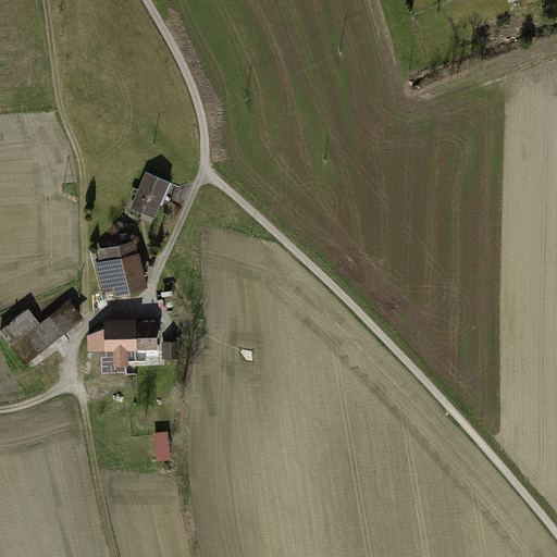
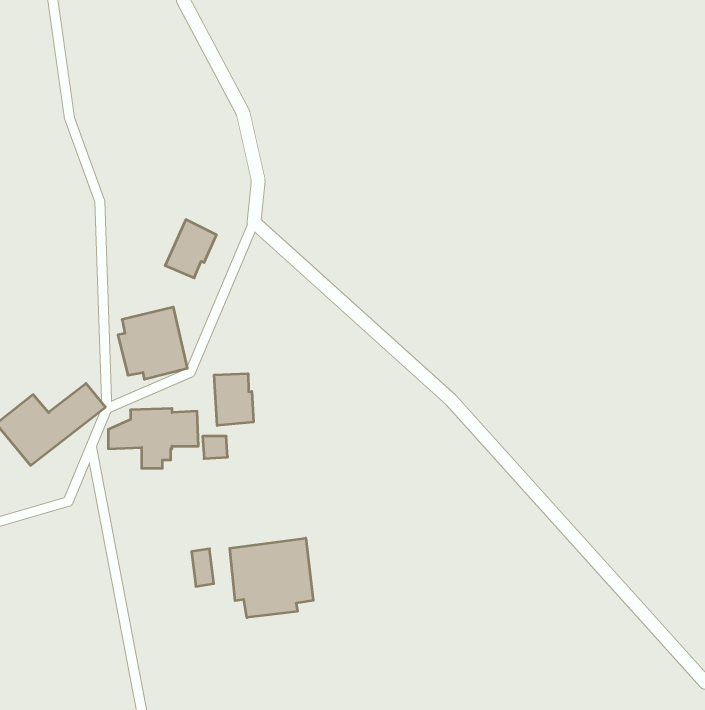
building: none -> [214,374,253,426]
building: none -> [230,538,313,618]

